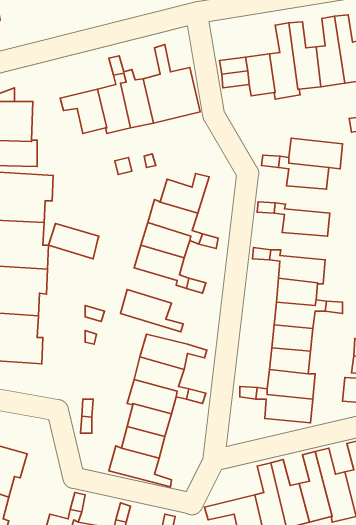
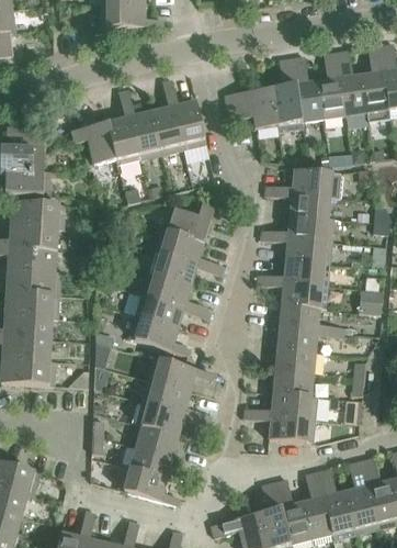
building: none -> [287,214,333,241]
building: [49,224,99,259] -> [136,293,184,327]
building: none -> [283,259,329,286]

